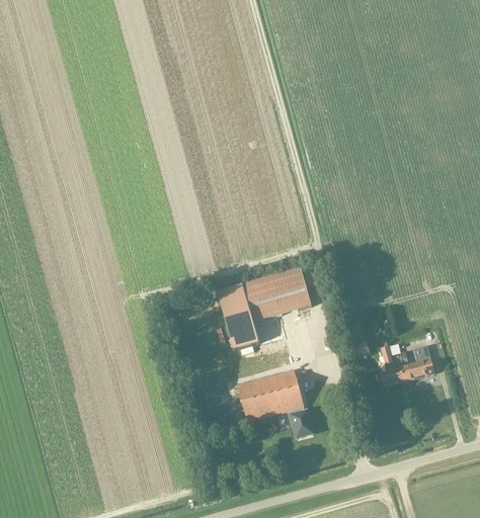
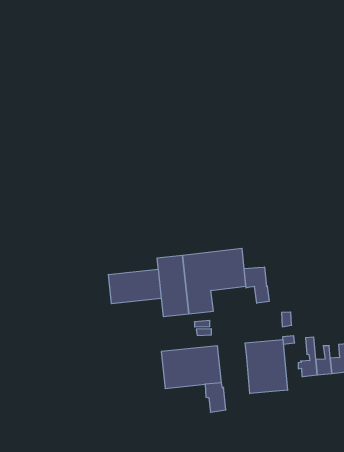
building: none -> [244,267,269,303]
building: none -> [108,269,161,304]
building: none -> [245,339,288,394]

